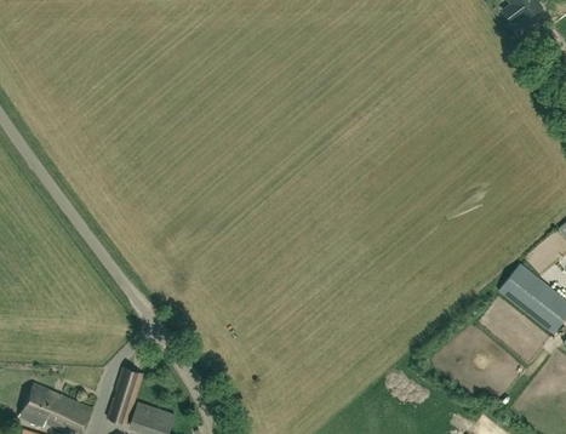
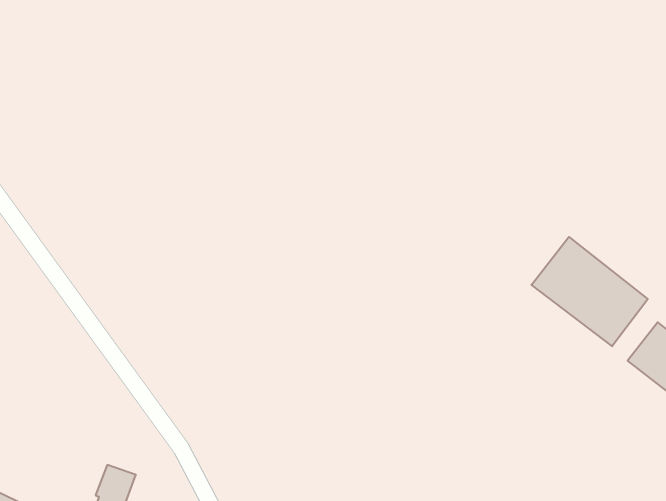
building: none -> [531,237,648,346]

